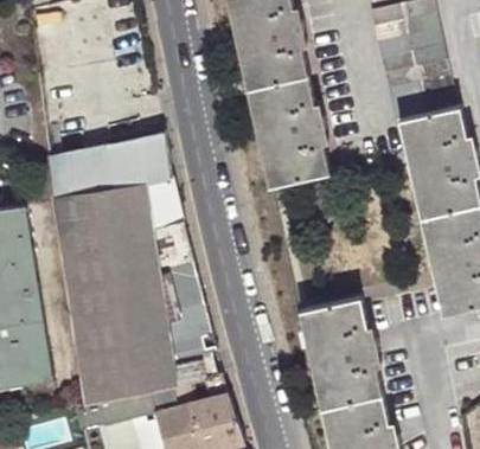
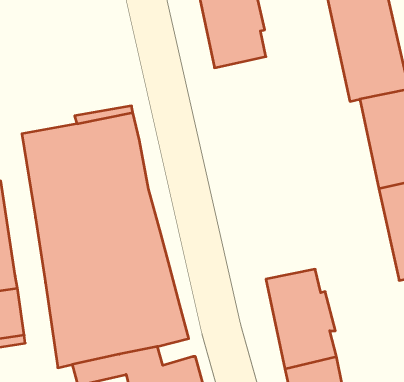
building: [250,76,326,185] -> none

